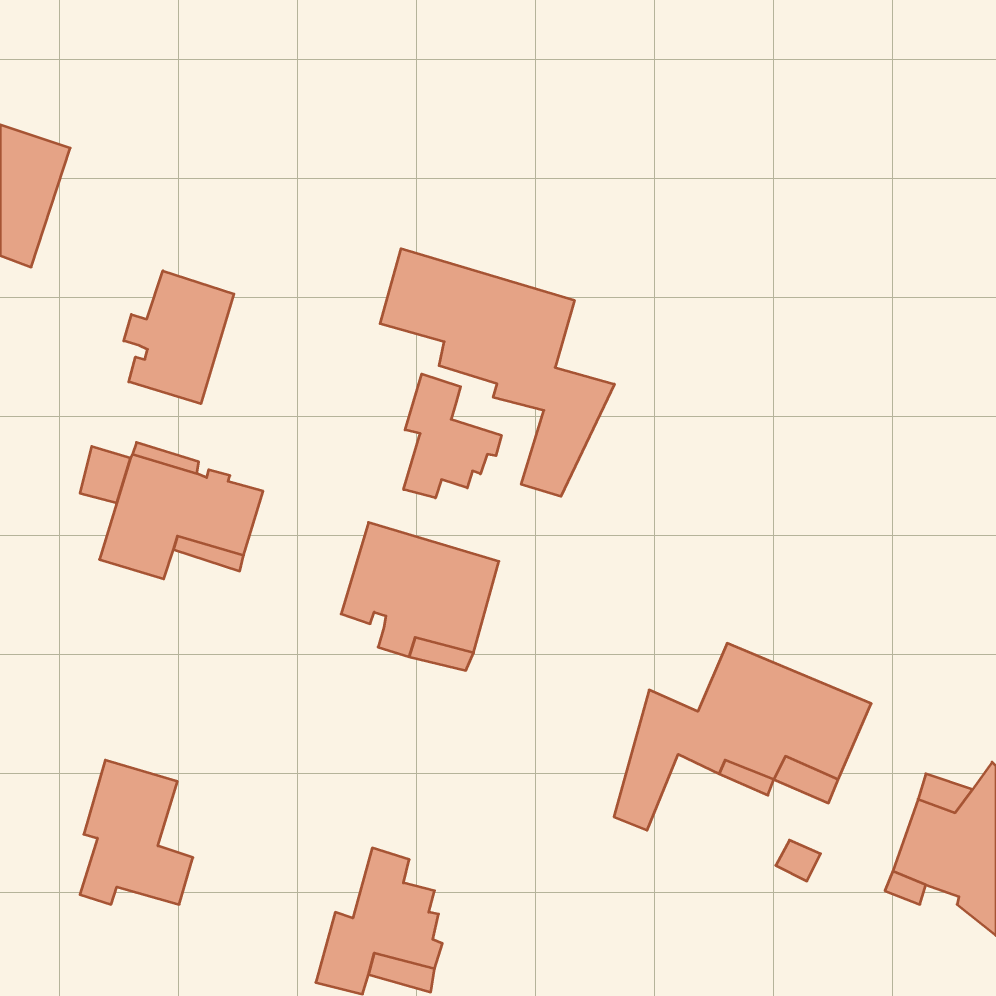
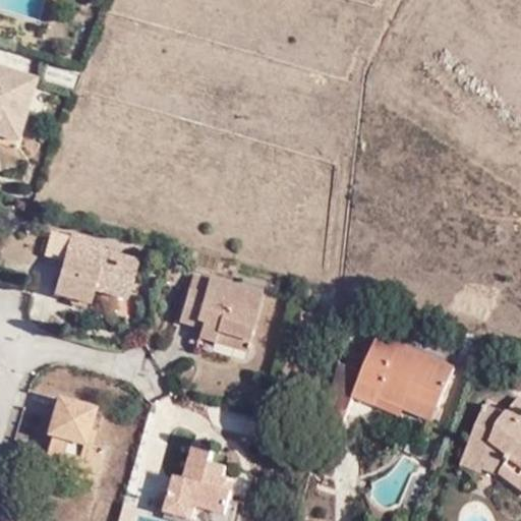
building: [380,249,614,496] -> none
building: [124,271,234,404] -> none
building: [404,374,501,498] -> none

